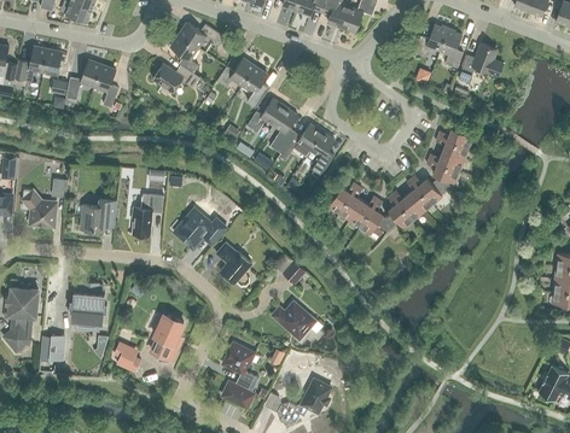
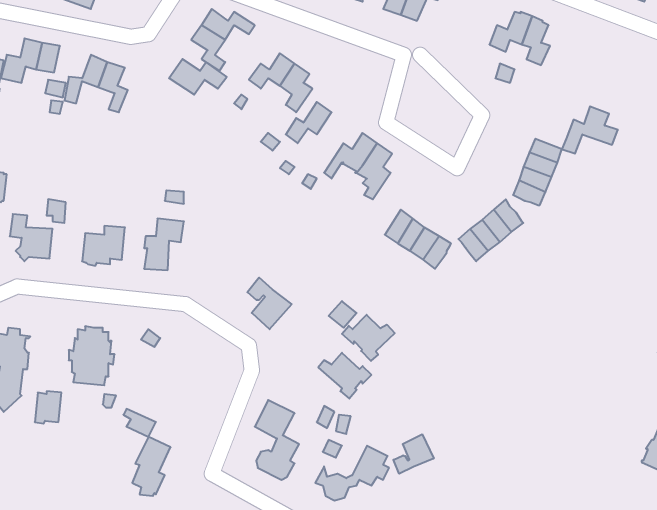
building: [458,43,504,82] -> [562,106,618,154]
building: [271,106,297,152] -> none
building: [178,209,226,247] -> none
building: none -> [342,315,395,361]
building: [152,314,184,362] -> [132,437,171,496]
building: none -> [393,434,434,474]

